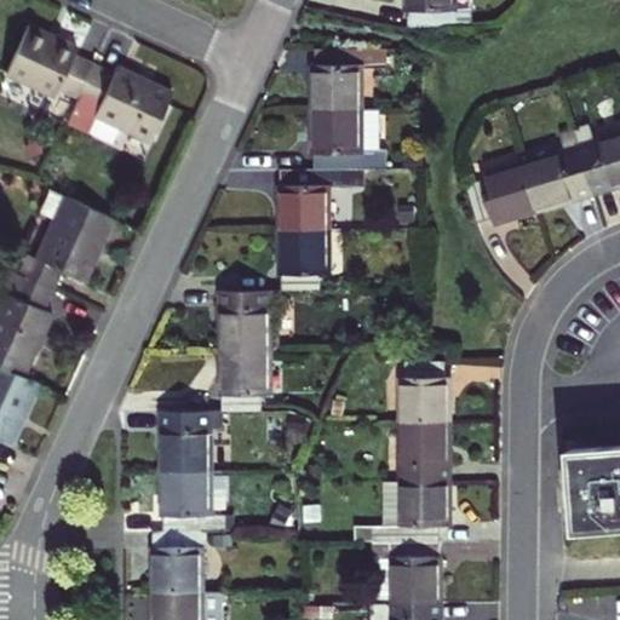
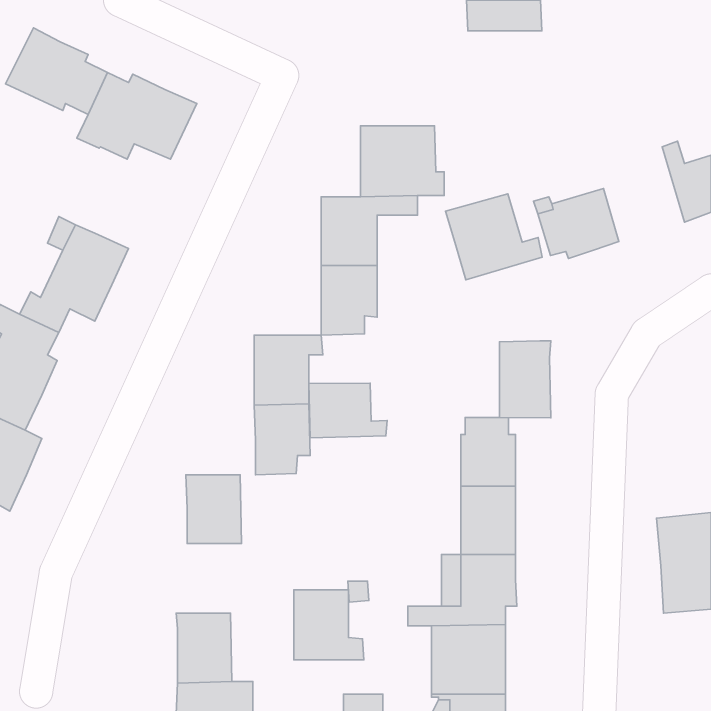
building: [311,51,384,111] -> none
building: [523,130,593,212] -> none
building: none -> [445,194,542,280]
building: none -> [500,341,551,418]
building: none -> [309,383,387,438]
building: [162,473,223,534] -> [294,590,364,660]

